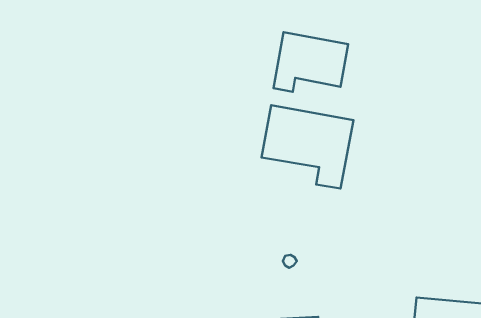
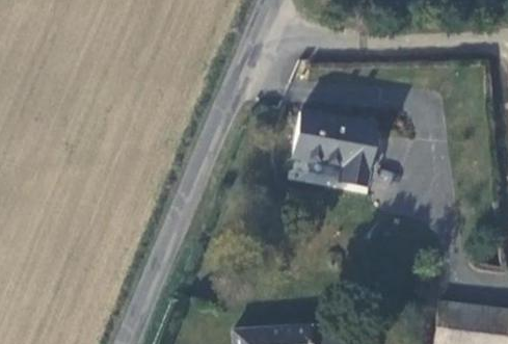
building: [273,32,348,92] -> none

